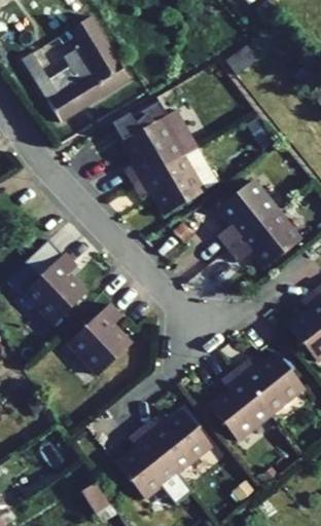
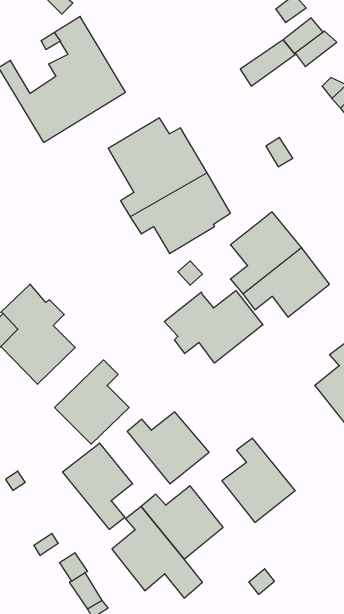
building: none -> [164,291,263,363]
building: [237,353,306,414] -> [127,412,209,484]
building: none -> [63,443,133,529]

